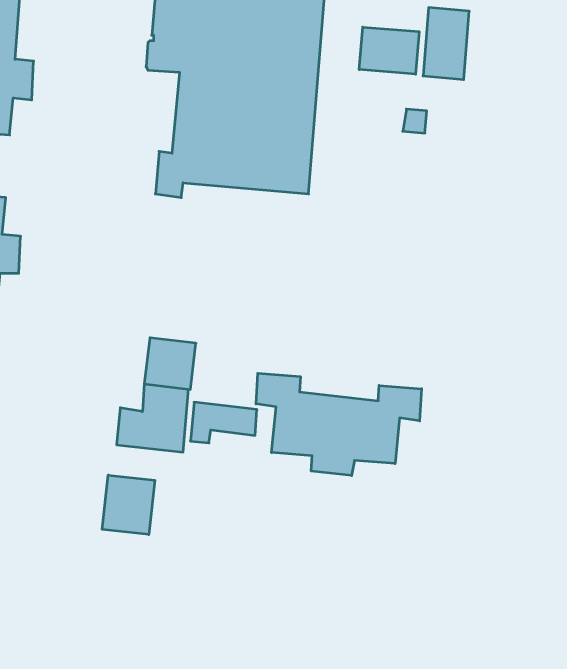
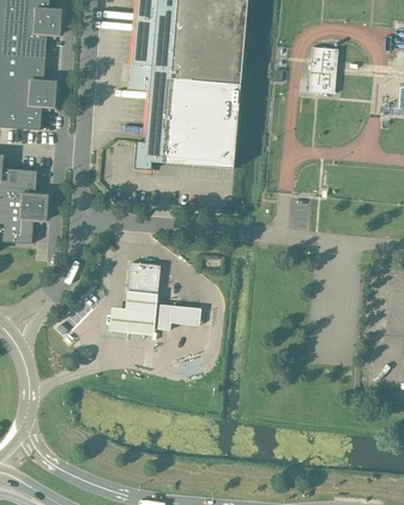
building: [359,27,419,74] -> none
building: [256,373,422,476] -> none
building: [102,475,155,535] -> none

